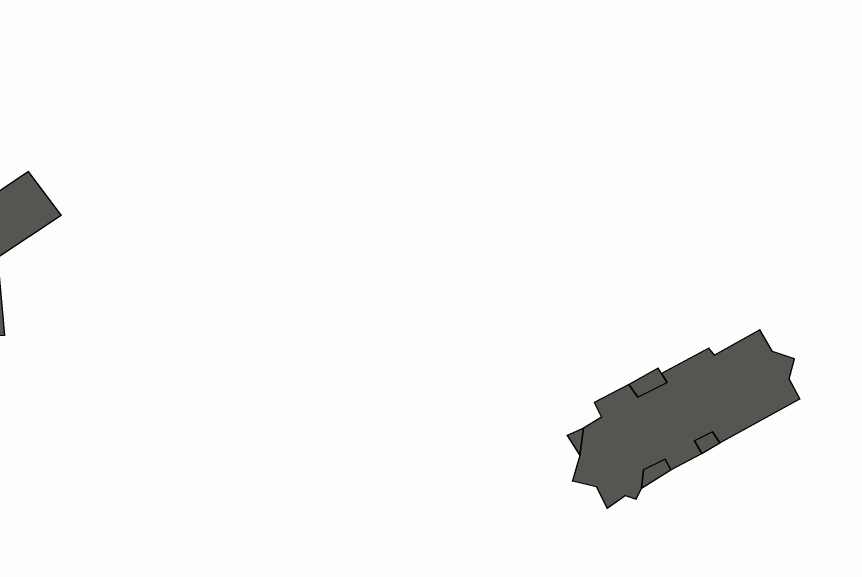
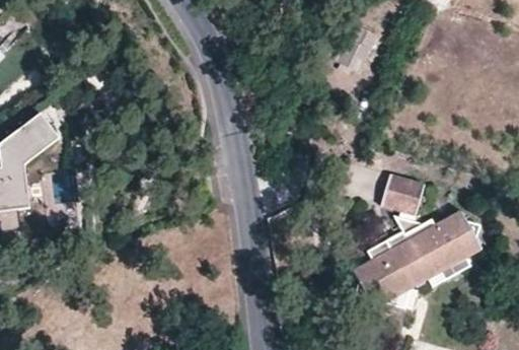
building: none -> [376,172,421,215]

